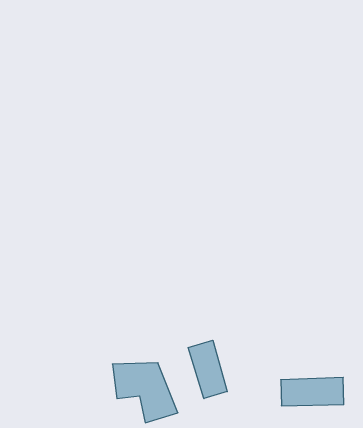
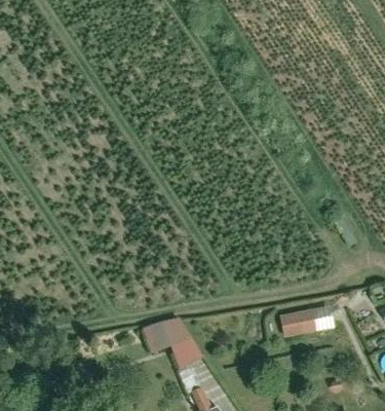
building: [188,340,227,399] -> none

